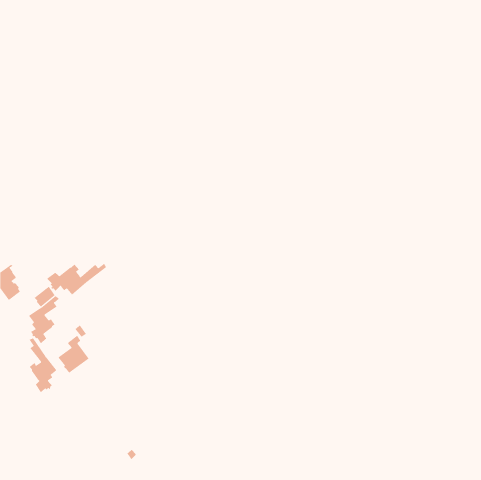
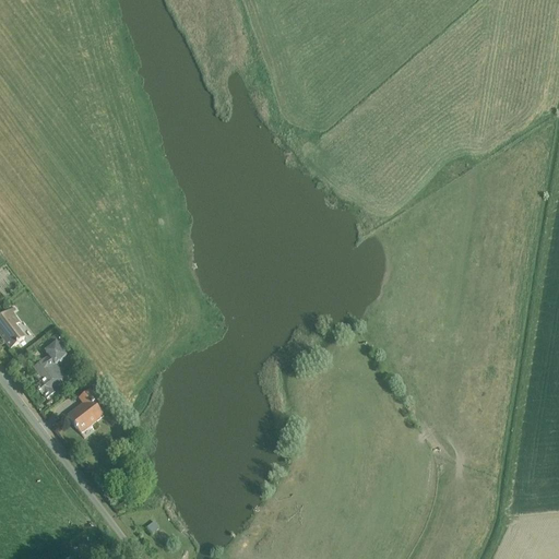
building: [46,263,107,295] -> none
building: [29,338,57,393] -> none

